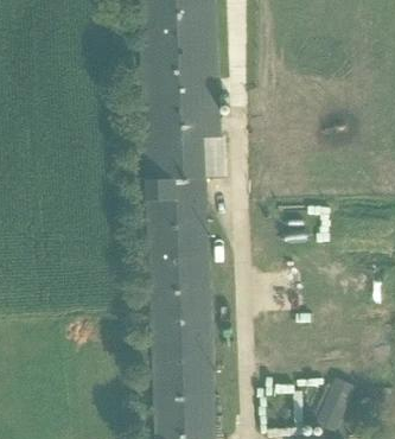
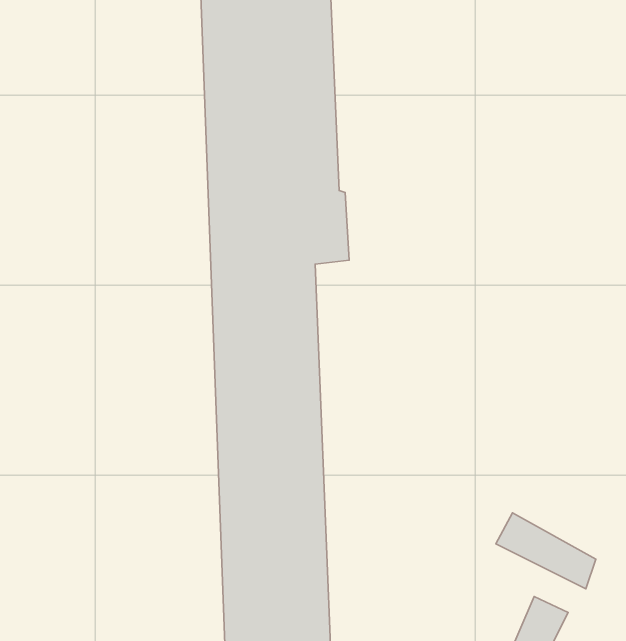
building: none -> [496,513,596,589]

